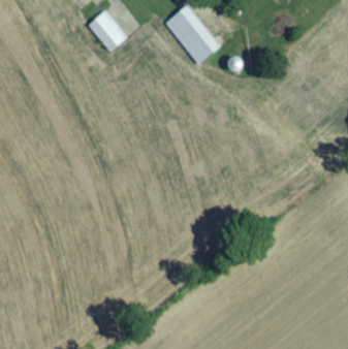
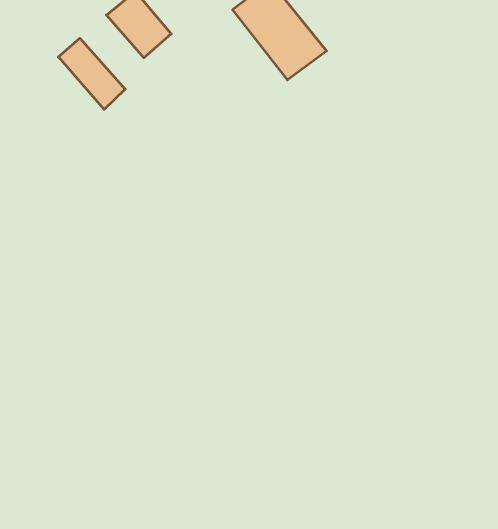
building: none -> [58,38,125,109]

